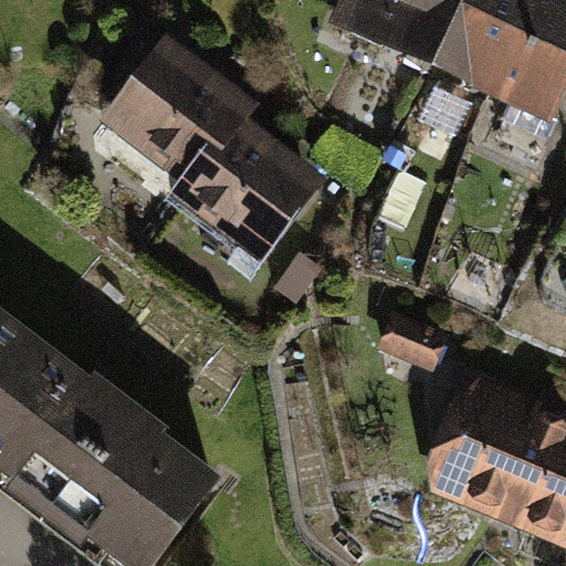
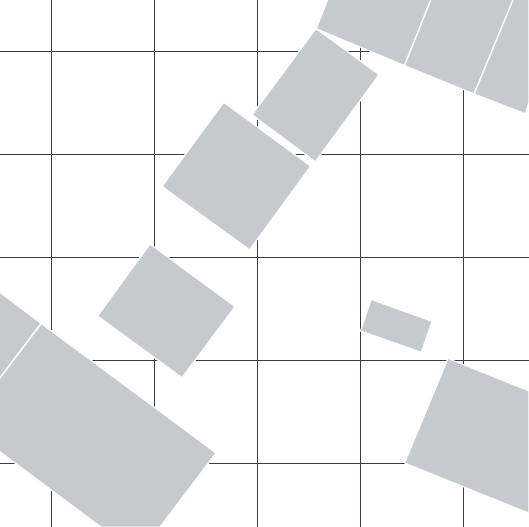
building: none -> [252,29,379,162]
building: [96,33,245,186] -> none
building: none -> [97,244,235,378]

